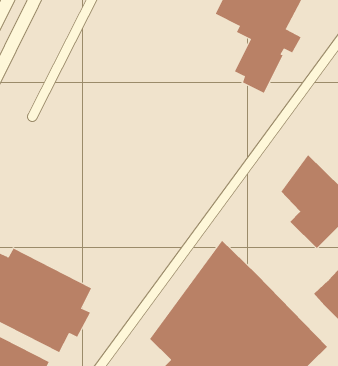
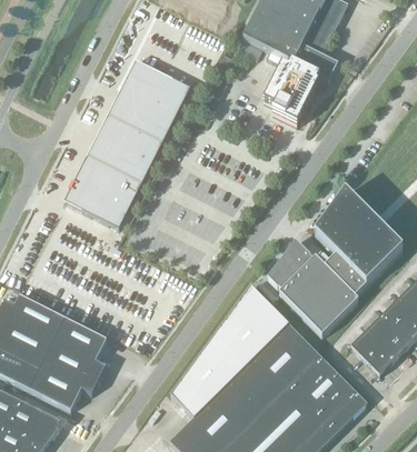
building: none -> [64,58,190,227]
building: none -> [267,239,358,334]

